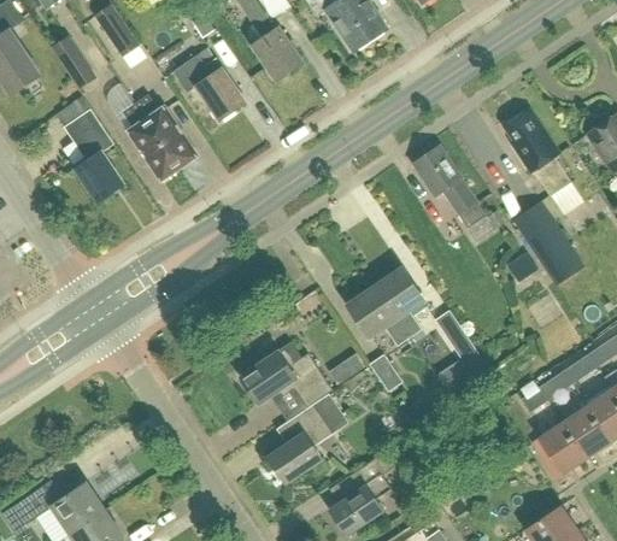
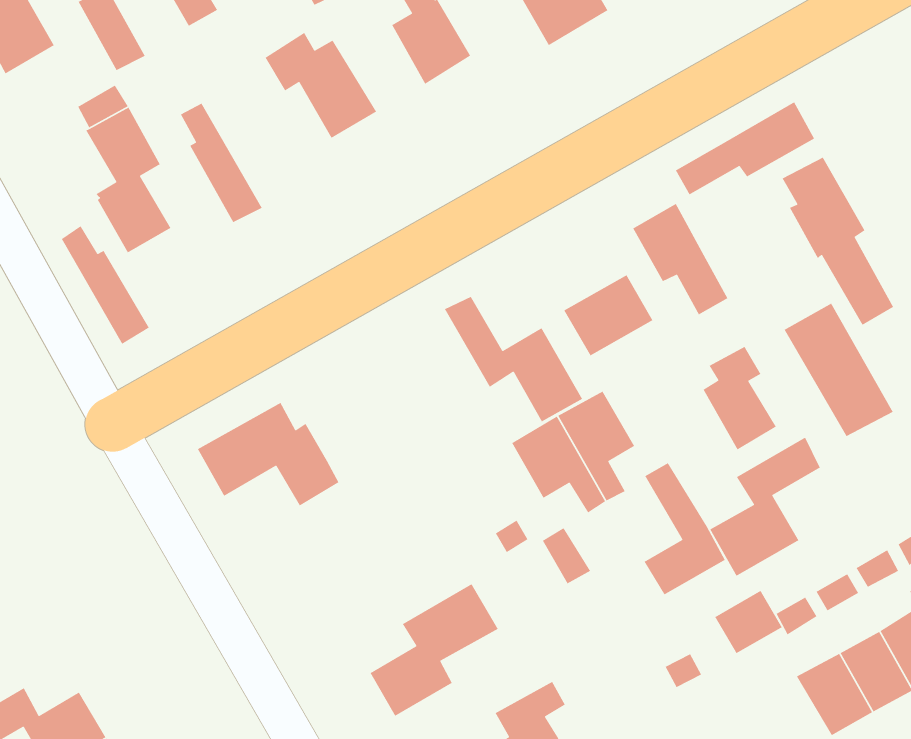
building: none -> [675,101,815,195]
building: [135,94,195,167] -> [61,225,150,345]
building: none -> [563,274,654,356]
building: none -> [444,296,583,423]
building: none -> [702,346,777,450]
building: none -> [709,437,821,577]
building: [240,341,331,406] -> [197,402,340,506]
building: none -> [714,590,783,654]

